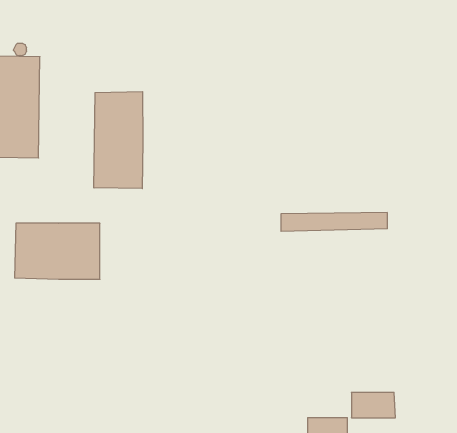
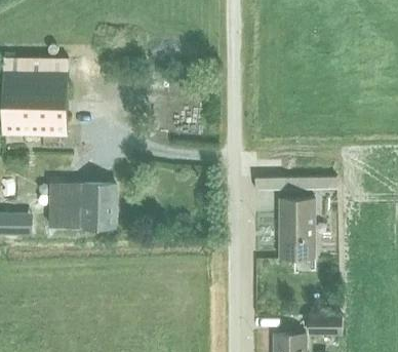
building: [94,92,143,189] -> none
building: none -> [278,198,314,260]

